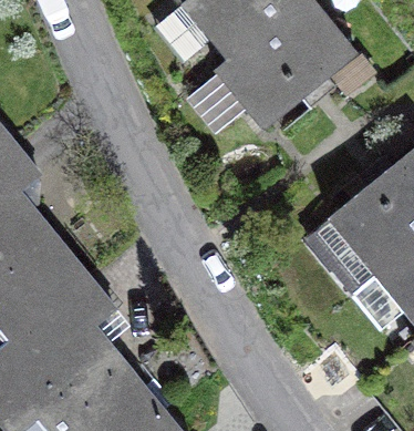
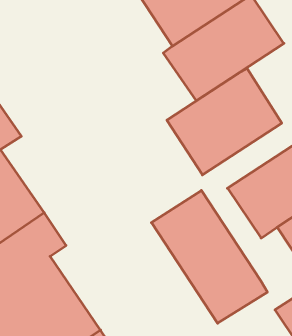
building: none -> [167,69,282,175]
building: none -> [151,190,267,323]

